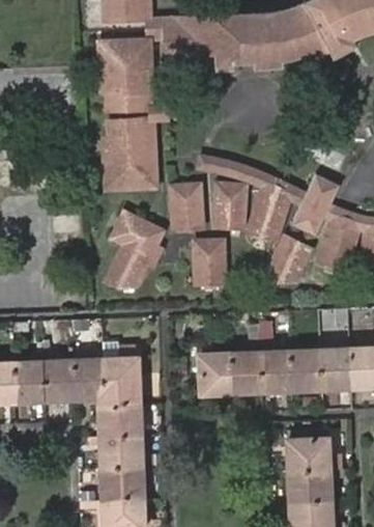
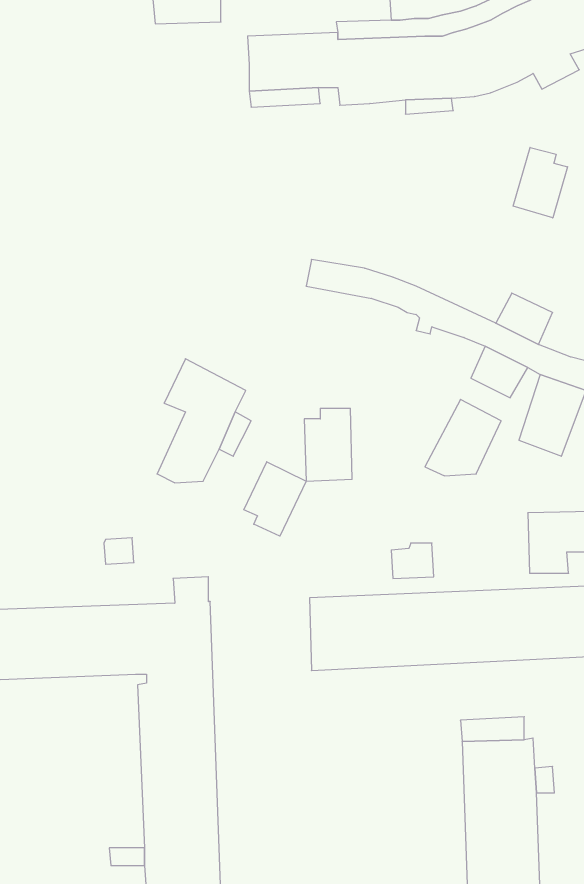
building: [96,19,168,194] -> none
building: none -> [513,147,568,218]
building: [215,186,246,228] -> none
building: [172,187,202,227] -> none
building: [250,195,288,239] -> none
building: none -> [244,462,306,536]

